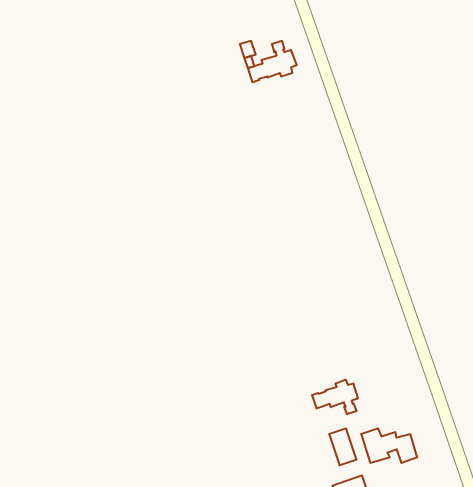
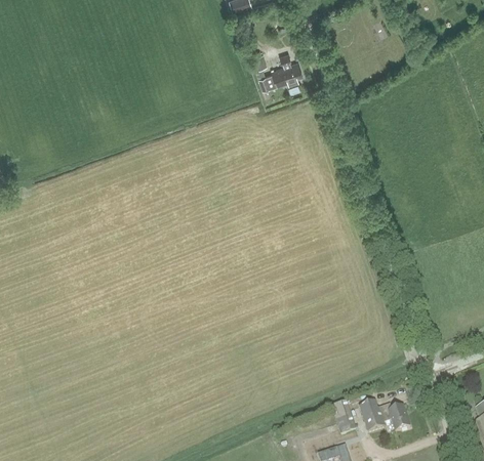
building: [312,380,358,414] -> none

